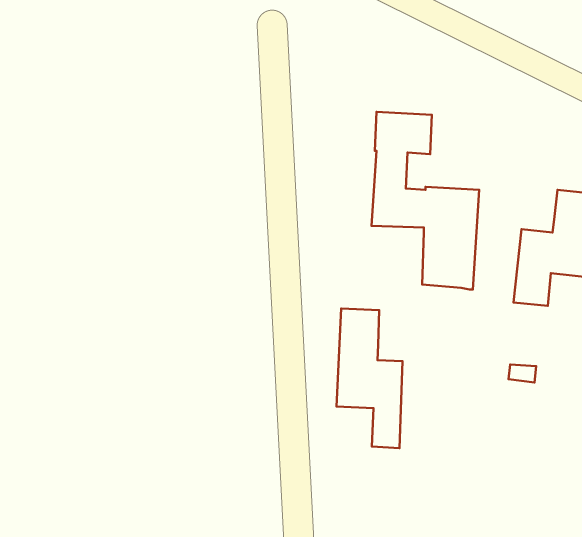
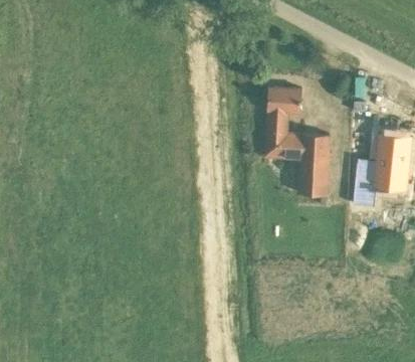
building: [336,308,403,448] -> none

